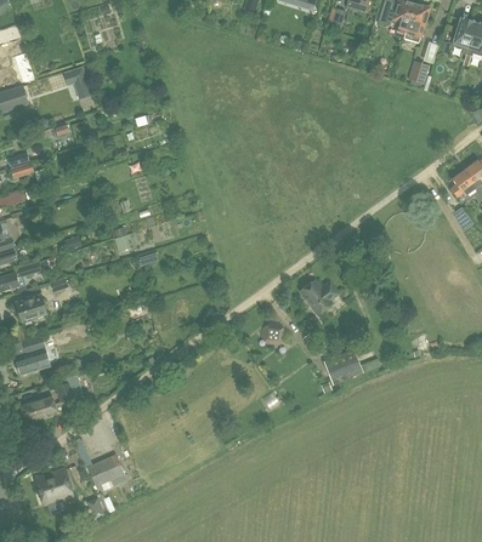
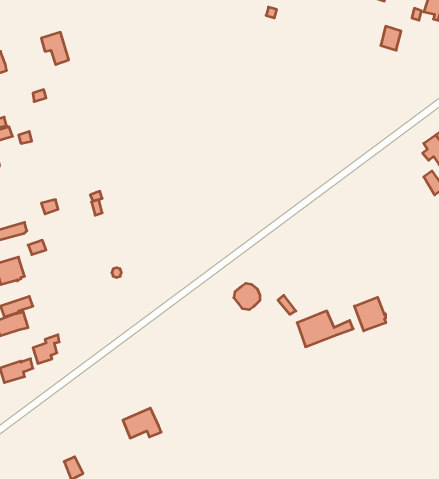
building: [299,279,338,314] -> none
building: none -> [354,297,386,331]
building: [87,455,126,485] -> [123,408,161,438]
building: [34,467,73,504] -> none

